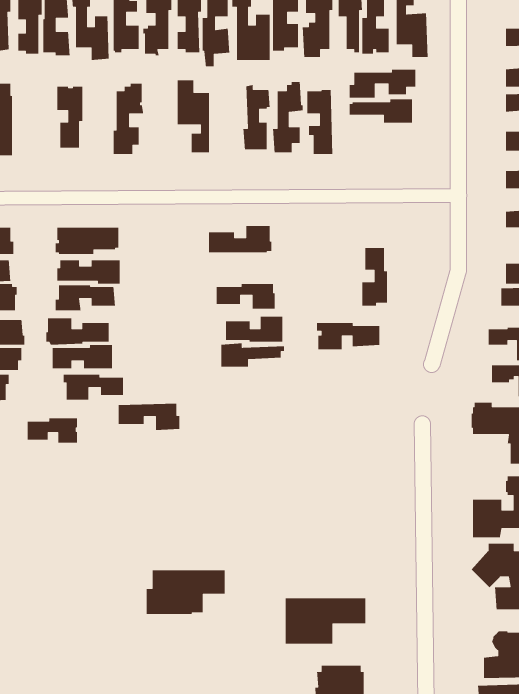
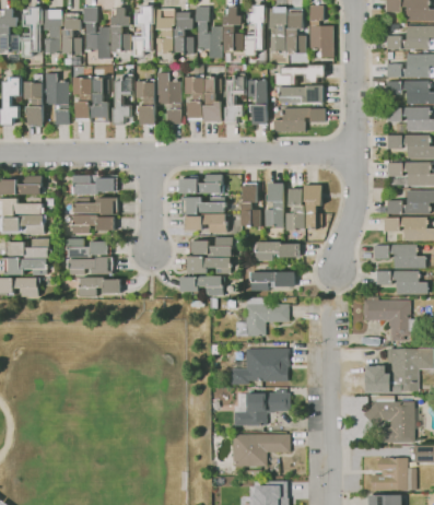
building: none -> [185,66,204,120]
building: none -> [46,73,69,125]
building: none -> [92,77,110,121]
building: none -> [136,80,155,126]
building: none -> [273,108,326,132]
building: none -> [242,184,260,227]
building: none -> [265,184,284,226]
building: none -> [304,185,322,228]
building: none -> [181,197,226,213]
building: none -> [250,272,295,291]
building: [118,403,180,431] -> [180,277,224,296]
building: none -> [235,298,290,337]
building: [27,418,78,443] -> none
building: none -> [231,349,290,385]
building: [146,569,225,615] -> [234,394,290,425]

